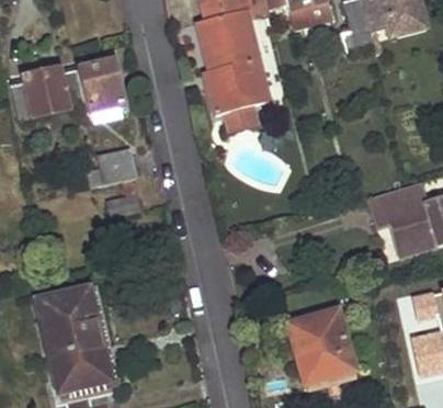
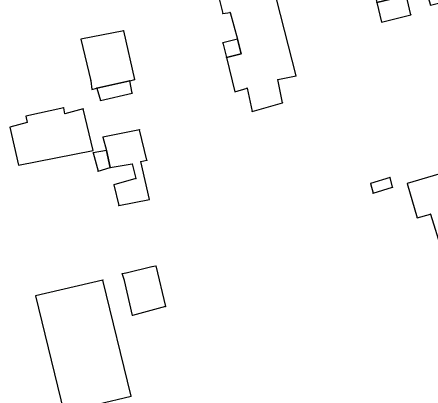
building: [10,67,84,118] -> [10,108,93,165]
building: none -> [122,266,166,315]
building: [286,307,354,383] -> none

